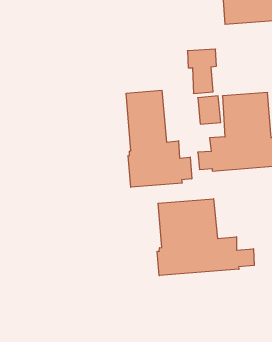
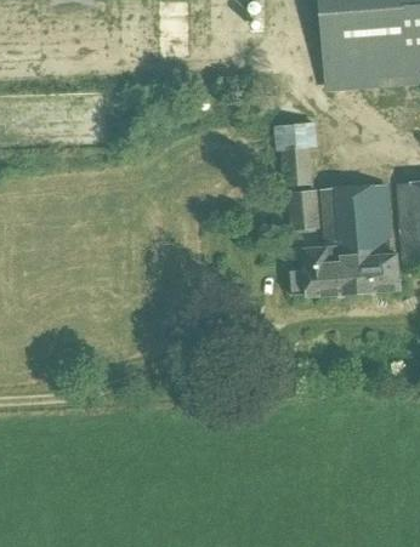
building: [126,90,192,187] -> none
building: [157,199,254,276] -> none

